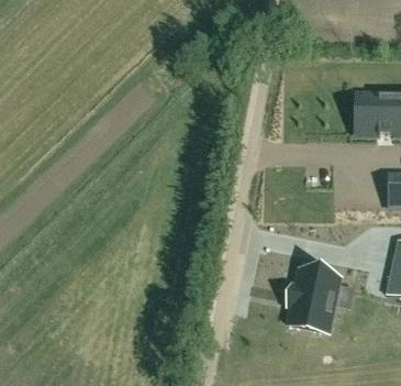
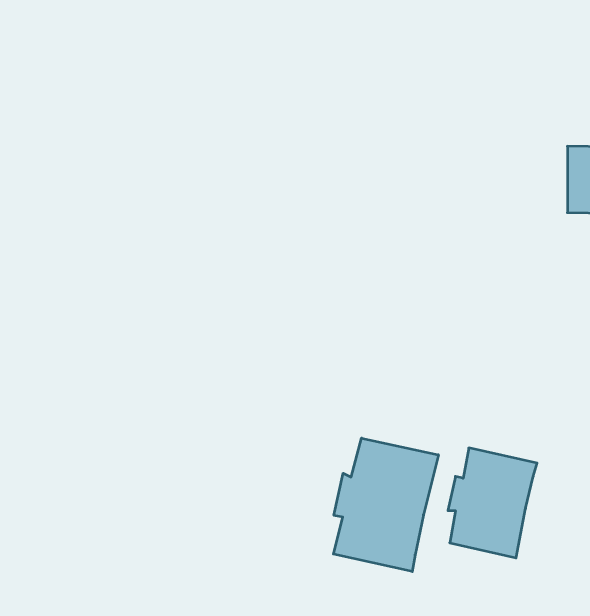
building: none -> [333,438,438,572]

